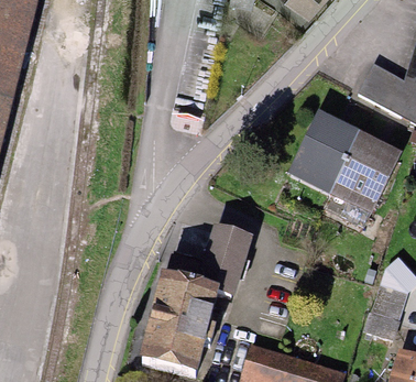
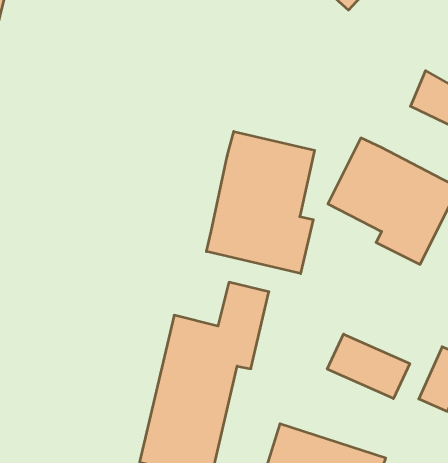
building: none -> [206,131,315,274]
building: none -> [327,334,410,399]

